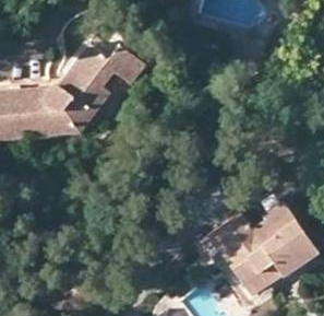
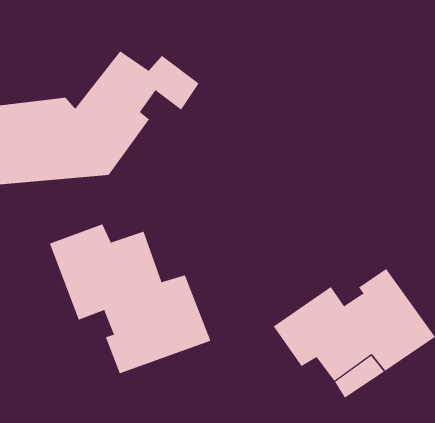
building: none -> [49,224,211,374]

